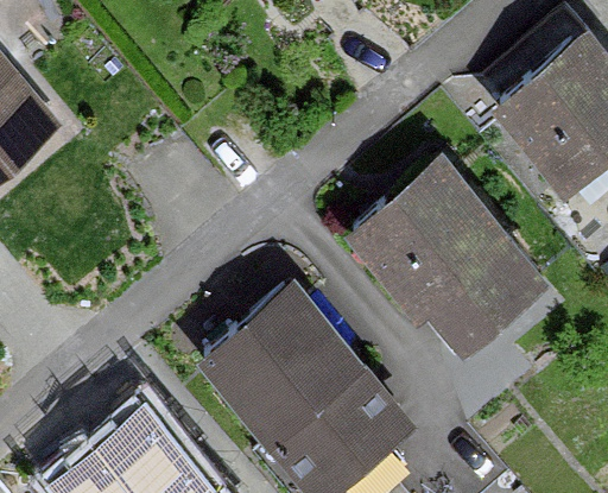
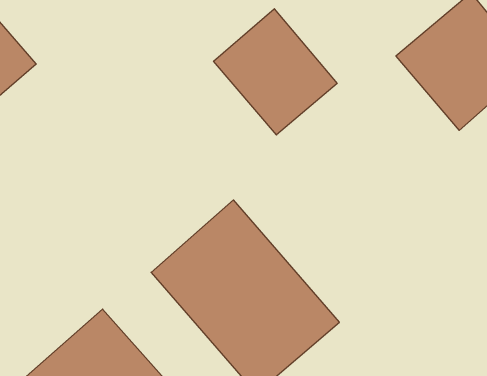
building: none -> [214,9,337,135]
building: [344,156,555,361] -> none

